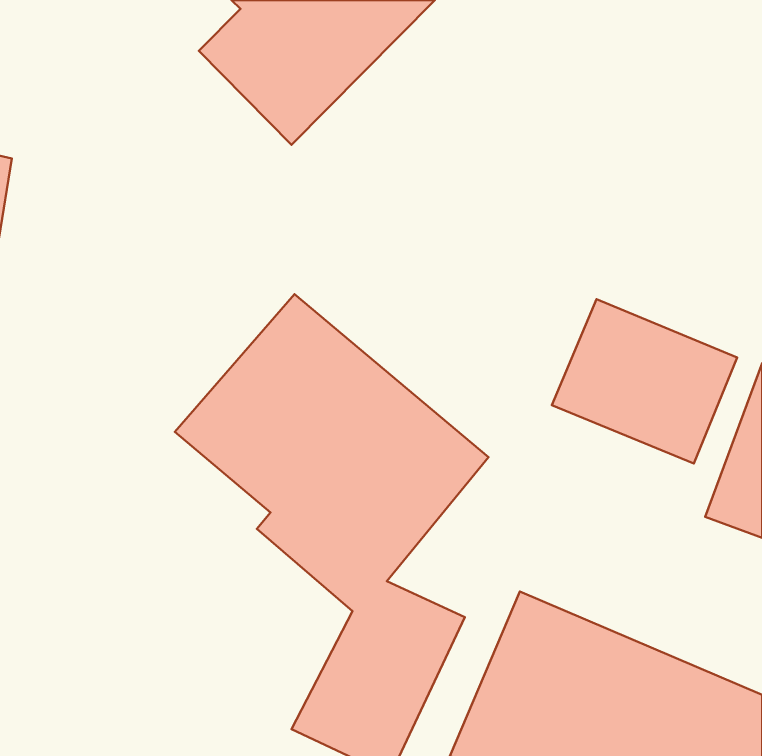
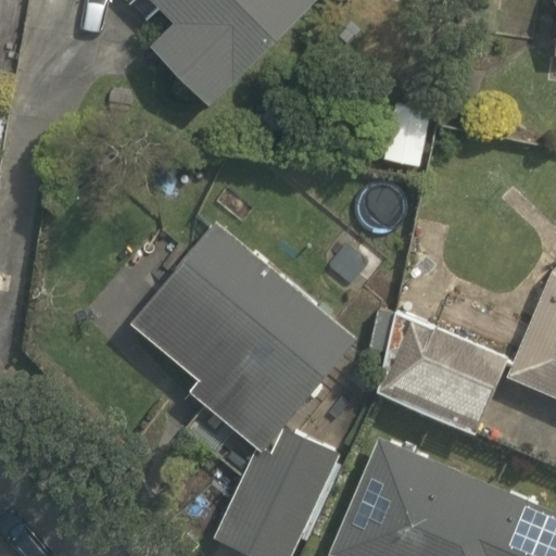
building: [552,299,737,463] -> [372,318,507,438]

